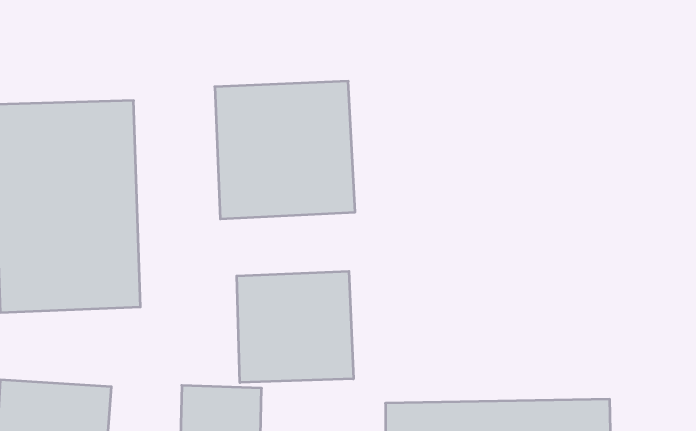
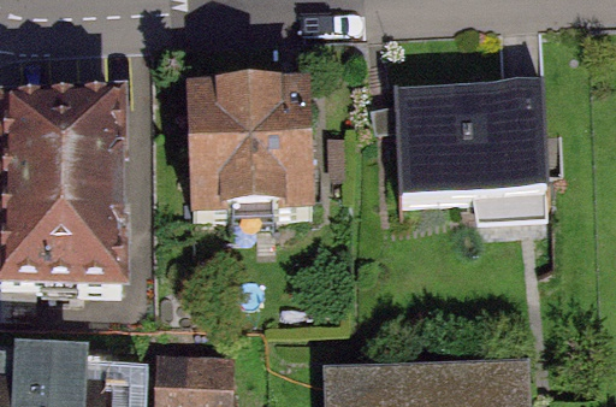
building: none -> [392,84,547,193]
building: [237,271,353,383] -> none

